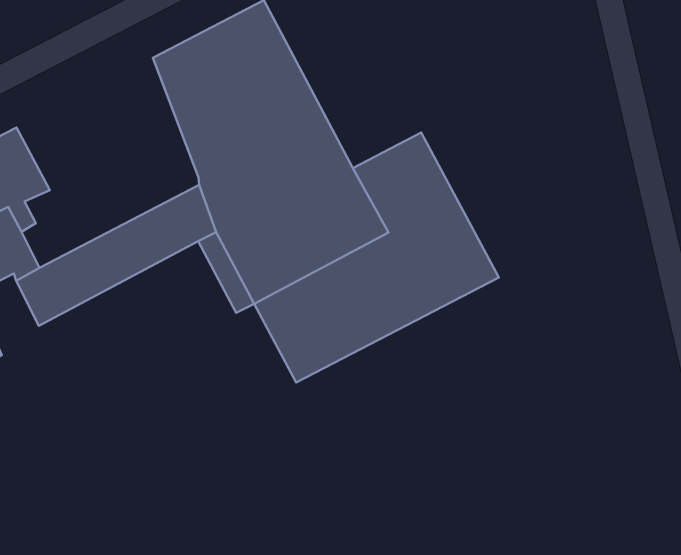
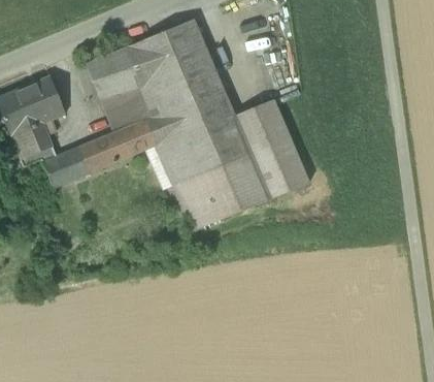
building: none -> [86,45,148,128]

